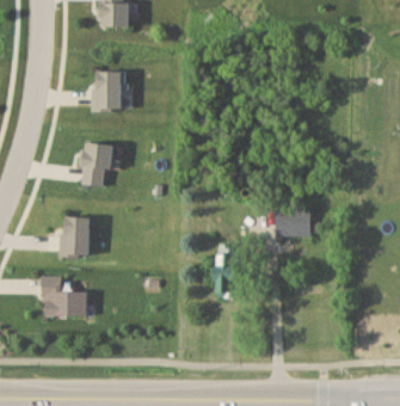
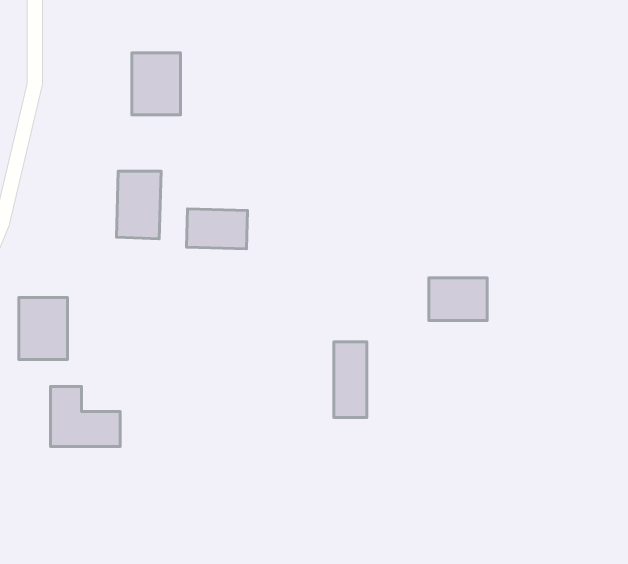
building: none -> [186,209,247,249]
building: [61,217,91,256] -> [19,298,67,360]

